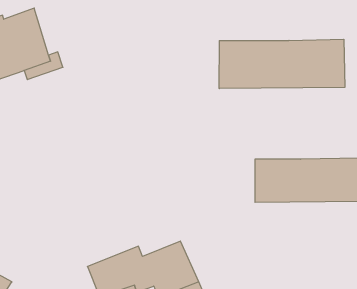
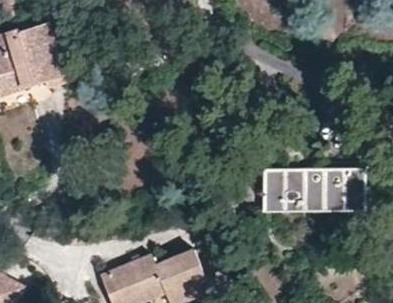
building: [219,39,345,89] -> none

